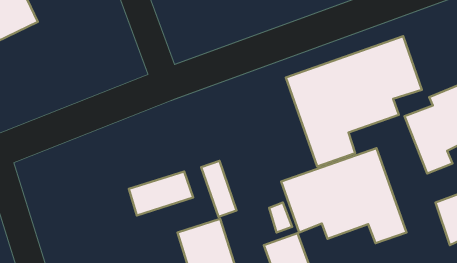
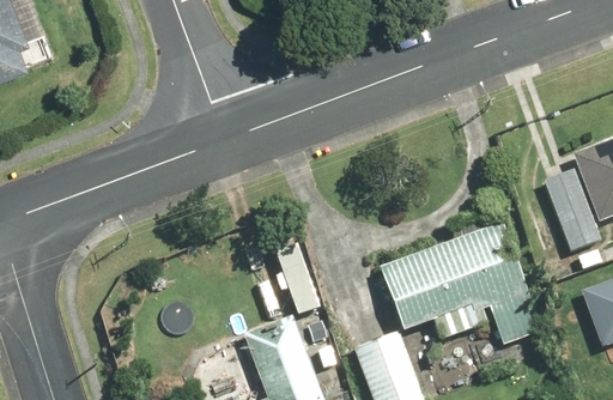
building: [286,36,422,166] -> none
building: [129,171,193,215] -> none

